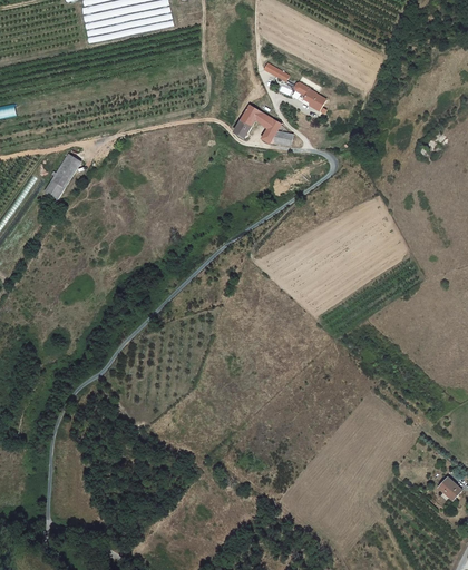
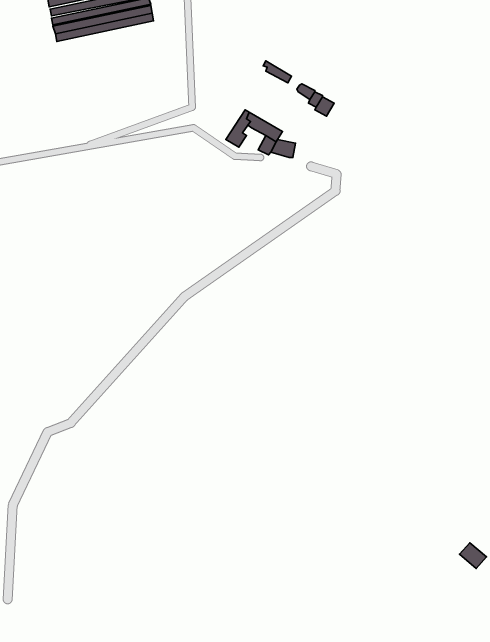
building: [43,151,84,200] -> none

